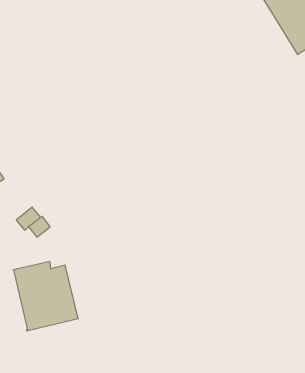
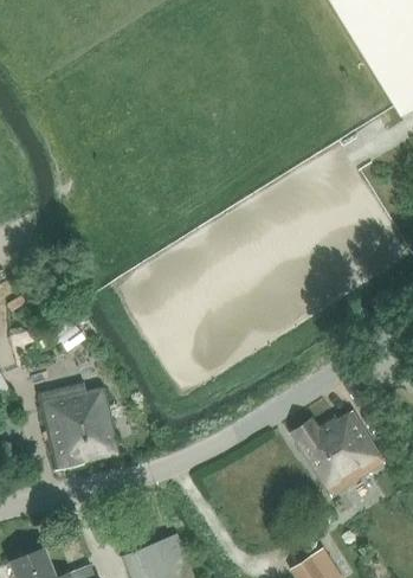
building: none -> [292,412,383,496]

